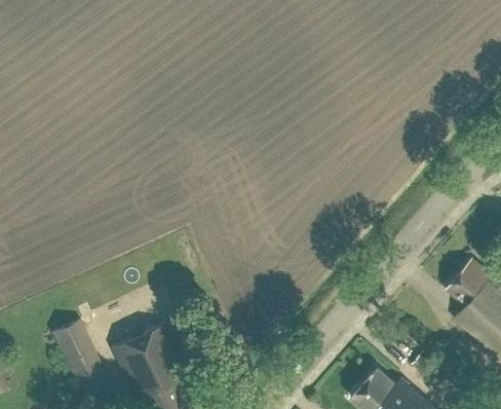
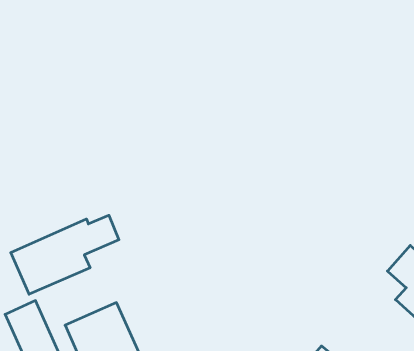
building: none -> [11,215,119,294]

